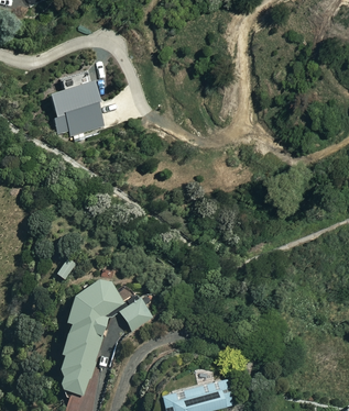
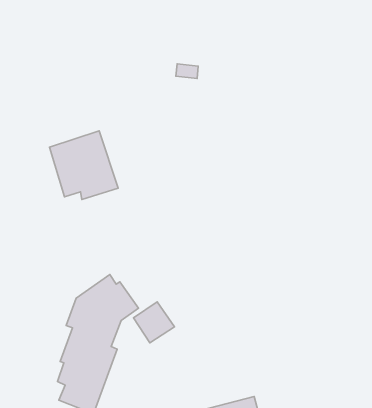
building: [47,79,108,140] -> [50,131,118,199]

